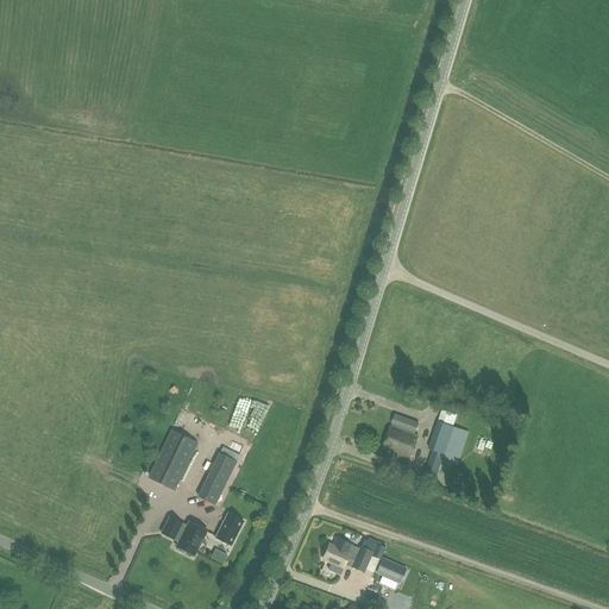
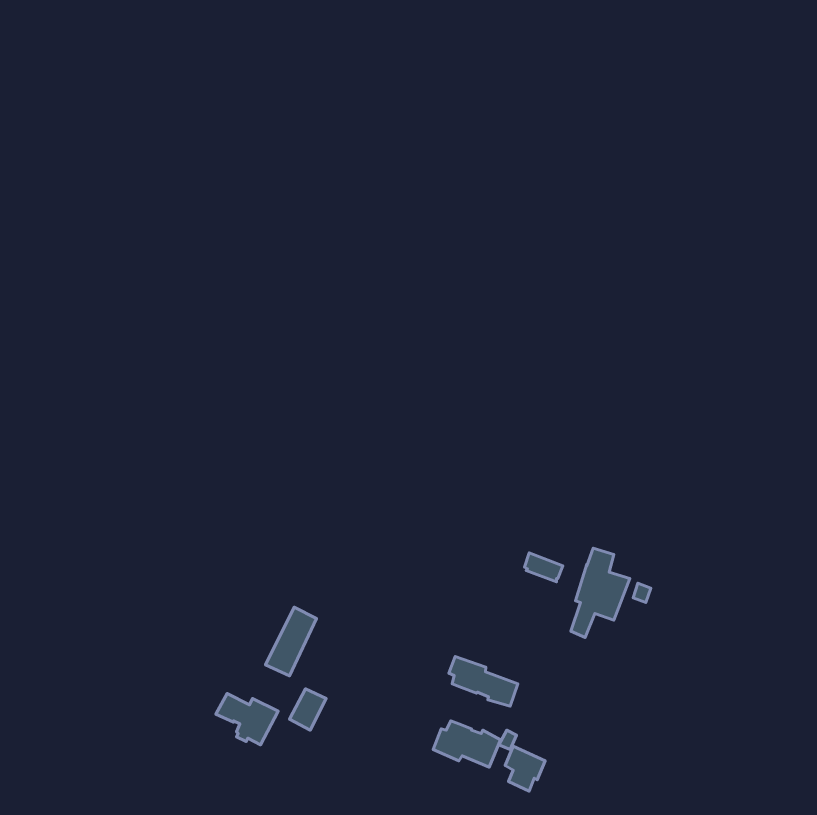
building: [382,425,416,457] -> none
building: [147,428,197,489] -> none
building: none -> [449,656,518,706]

